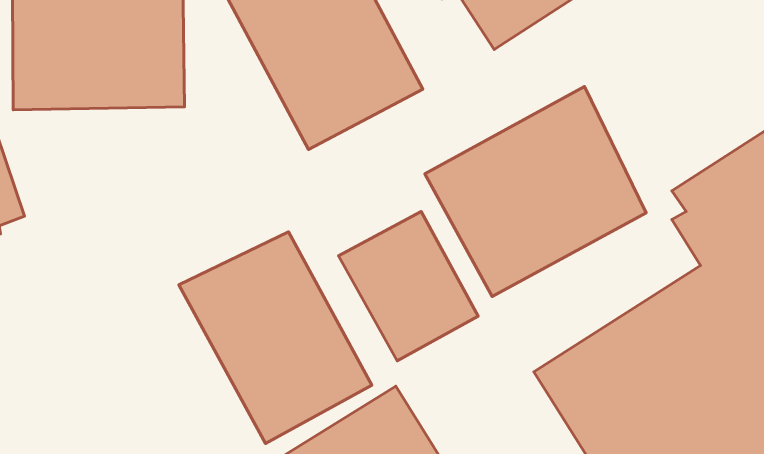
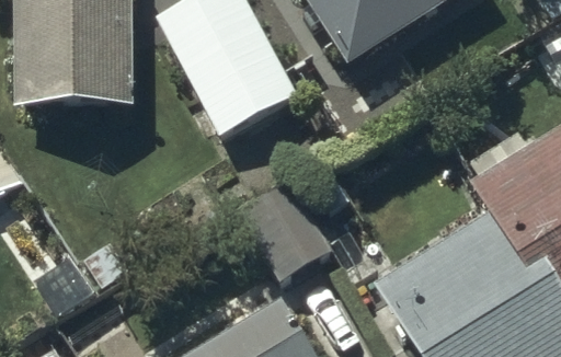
building: [425,87,646,297] -> none
building: [179,232,372,443] -> none

